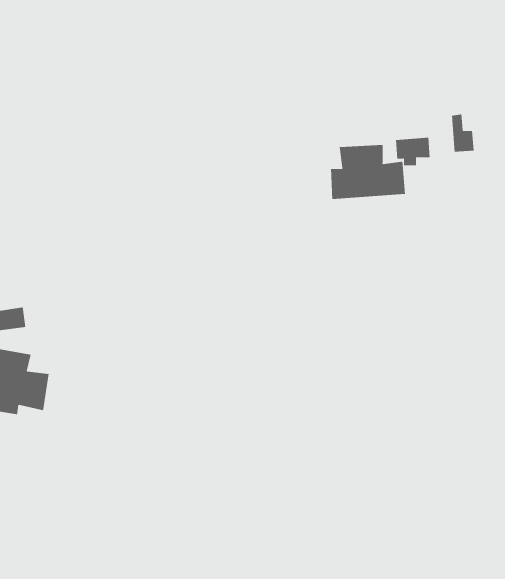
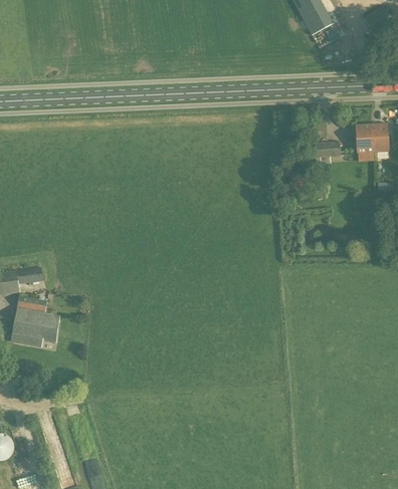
building: none -> [363,123,388,151]
building: [331,144,405,200] -> none

